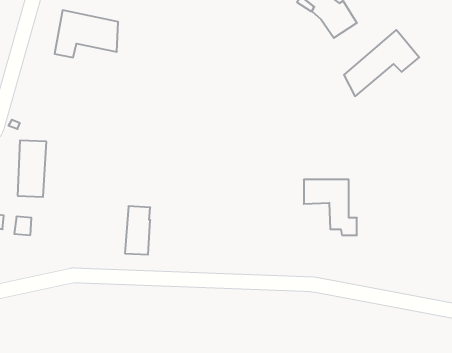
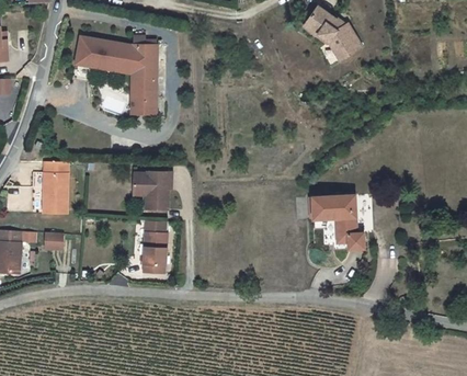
building: none -> [132,46,159,113]
building: [344,30,419,96] -> none
building: none -> [132,170,170,209]

